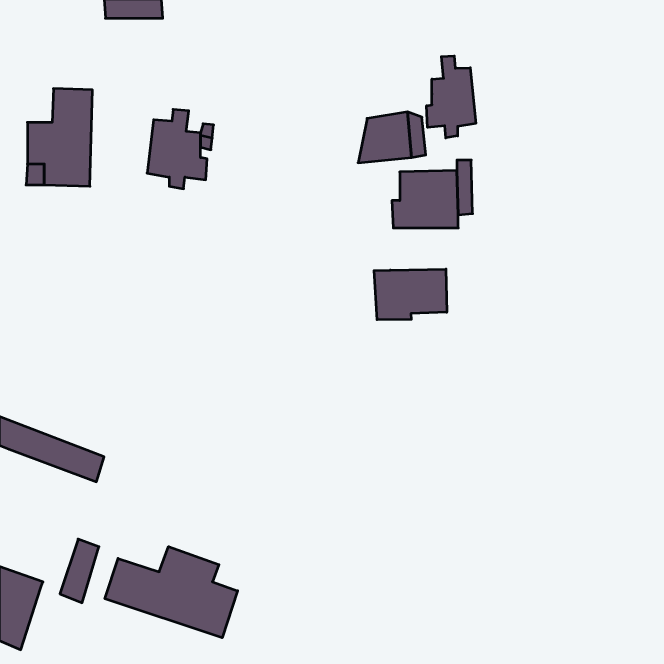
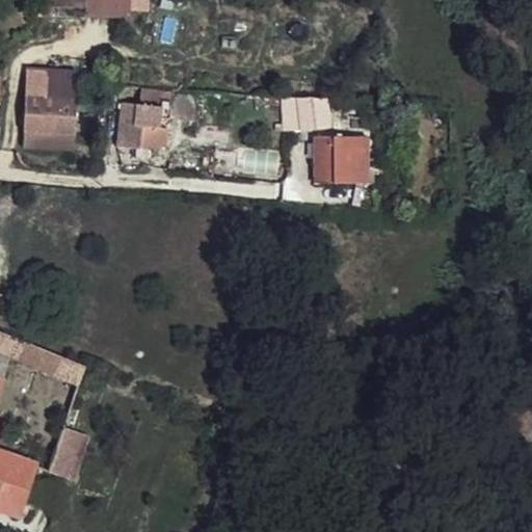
building: [427,56,476,138] -> none
building: [374,269,447,320] -> none
building: [105,547,238,638] -> none

